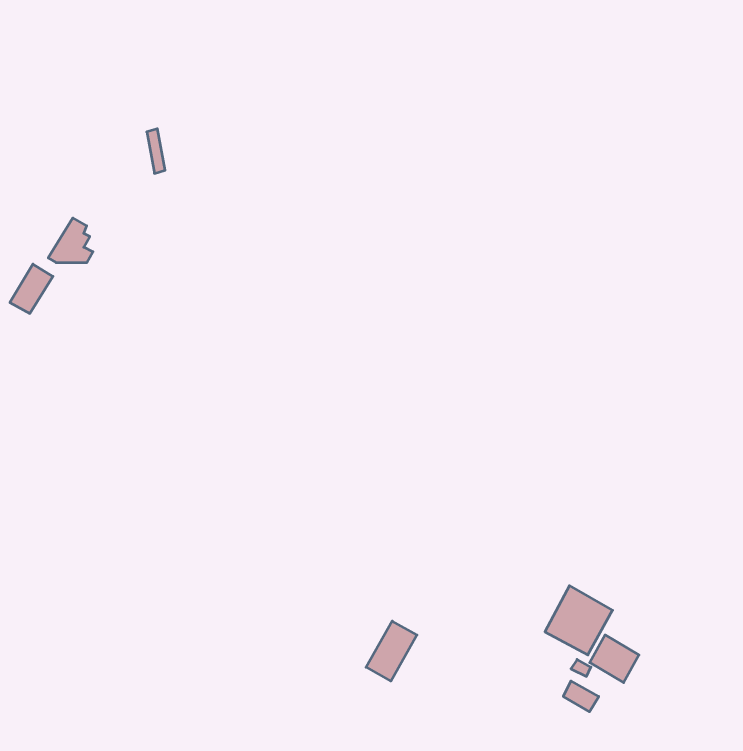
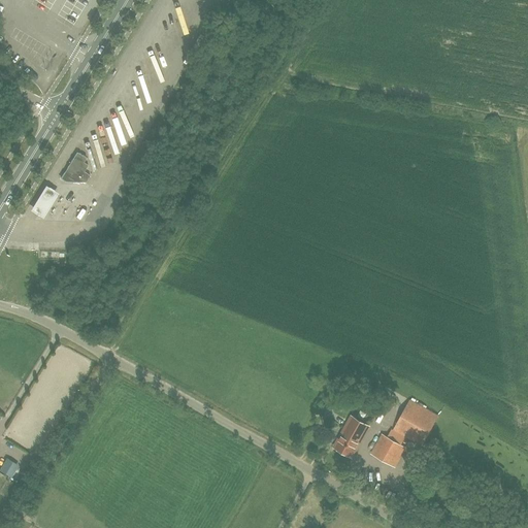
building: [366,621,417,681] -> [333,417,367,457]
building: [590,635,639,683] -> [371,434,404,466]

